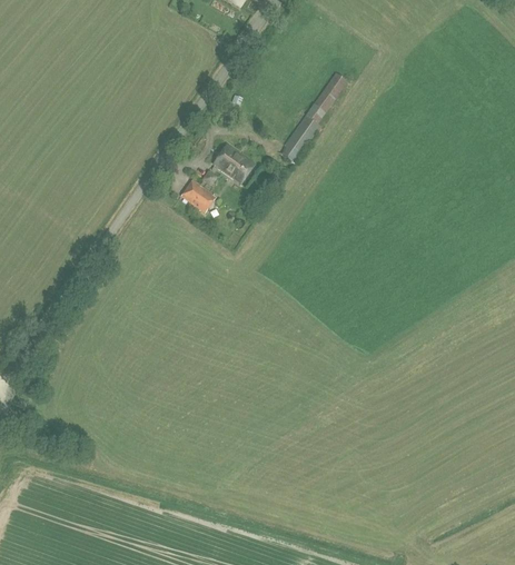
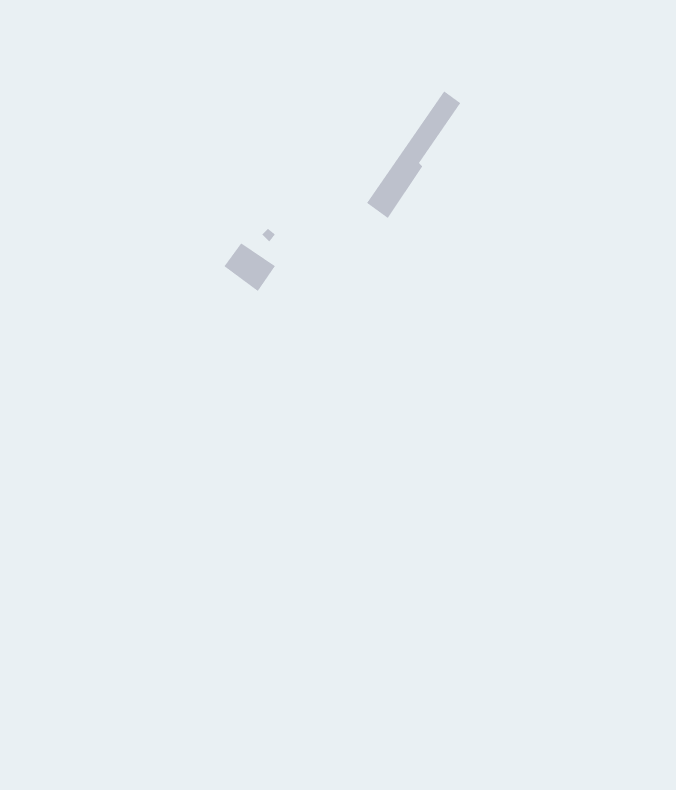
building: [214,145,255,182] -> none

